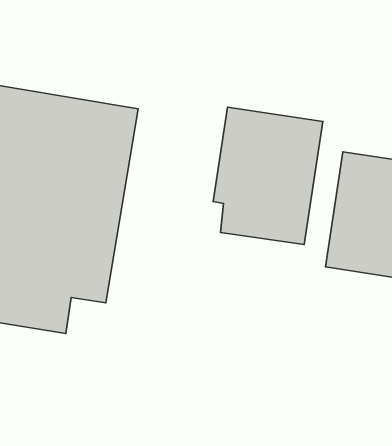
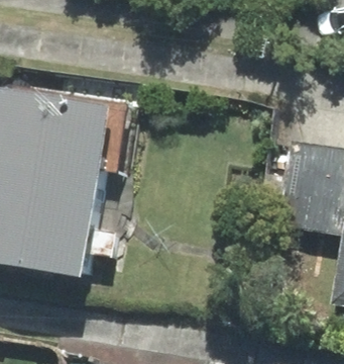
building: [213,107,323,245] -> none

